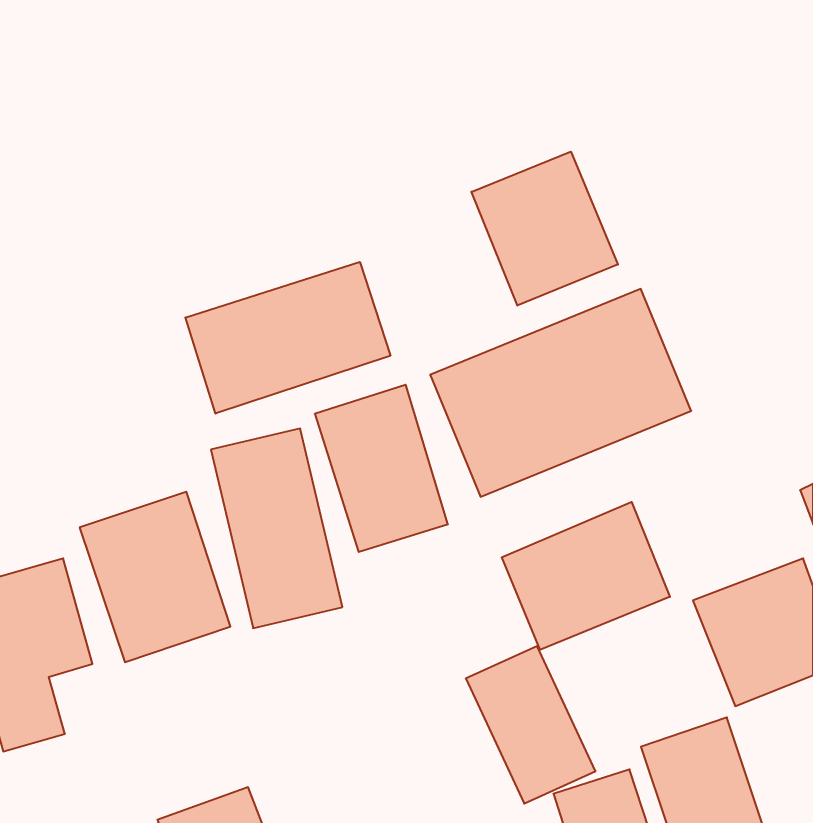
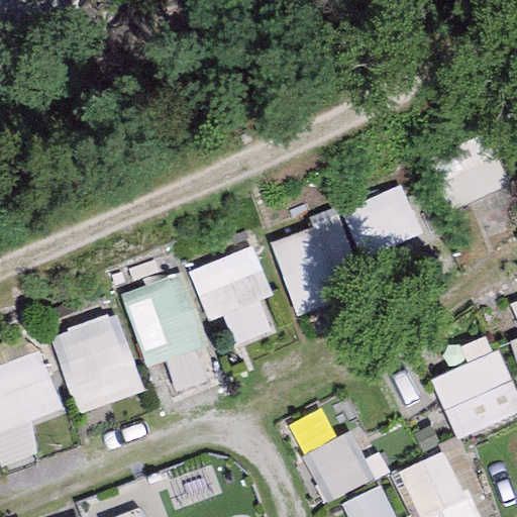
building: [471,152,618,306] -> none
building: [185,262,390,414] -> none
building: [502,502,670,650] -> none

